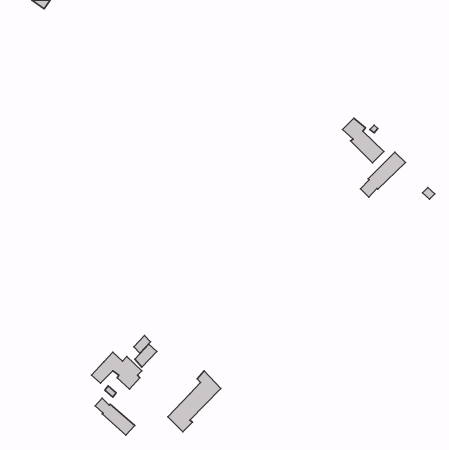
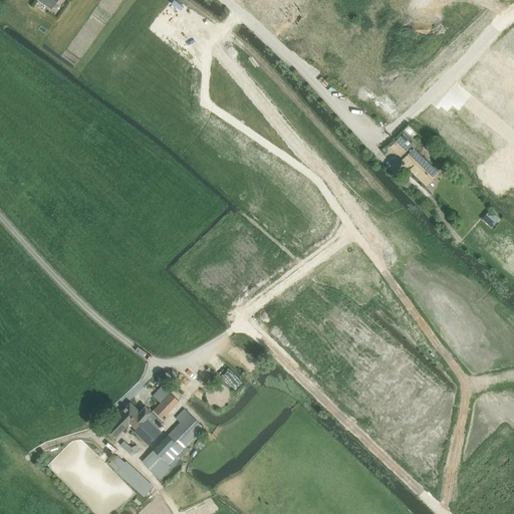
building: [360,152,405,197] -> none
building: [168,371,221,432] -> [144,409,204,478]

